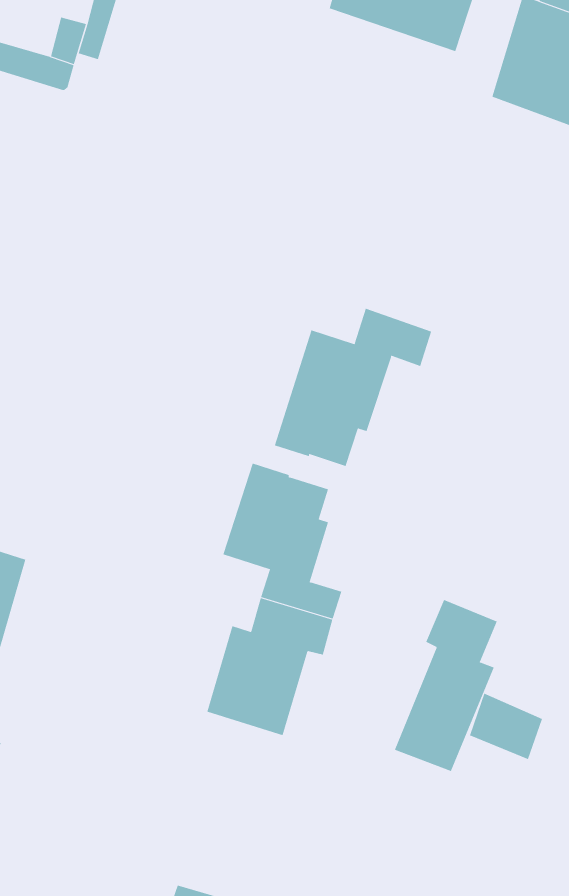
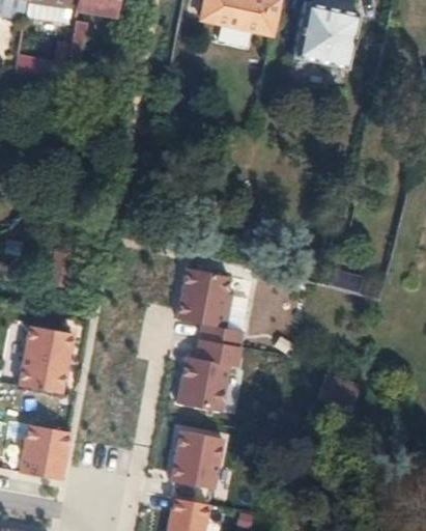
building: [274,308,432,467] -> none
building: [394,599,497,772] -> none
building: none -> [170,430,222,490]

